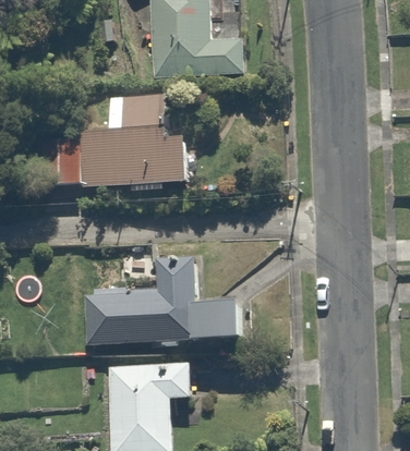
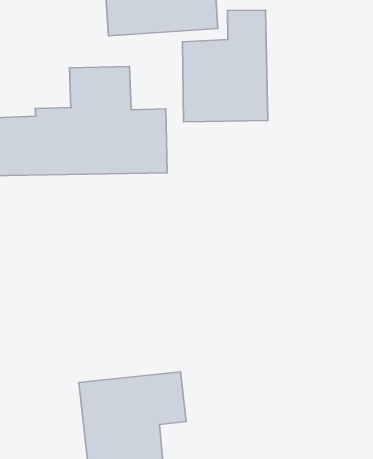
building: none -> [182,10,268,122]
building: [85,265,249,350] -> none

